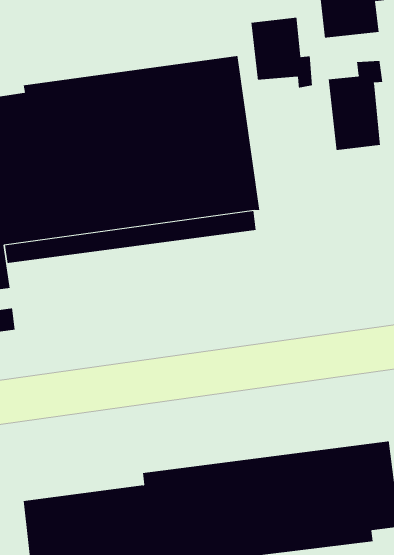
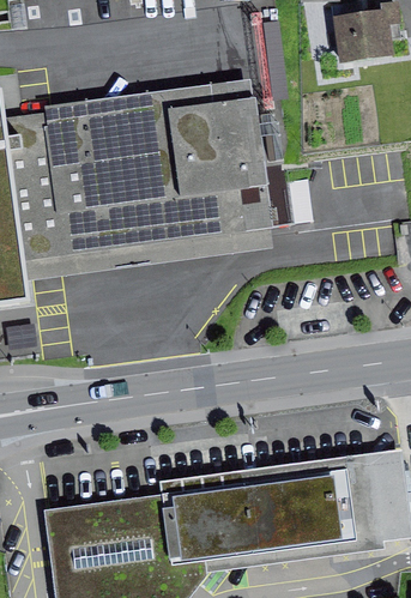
building: [251,17,313,88] -> none
building: [328,60,383,151] -> none

